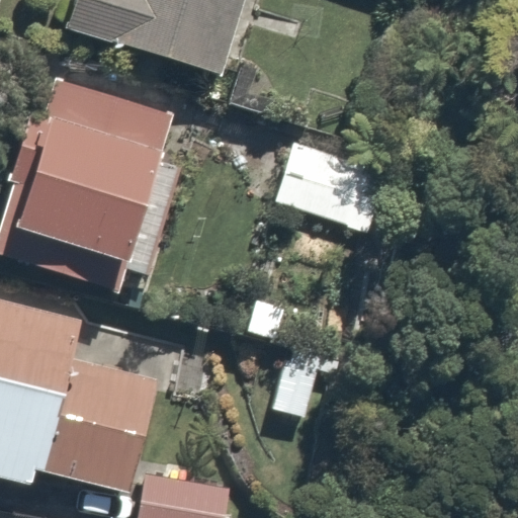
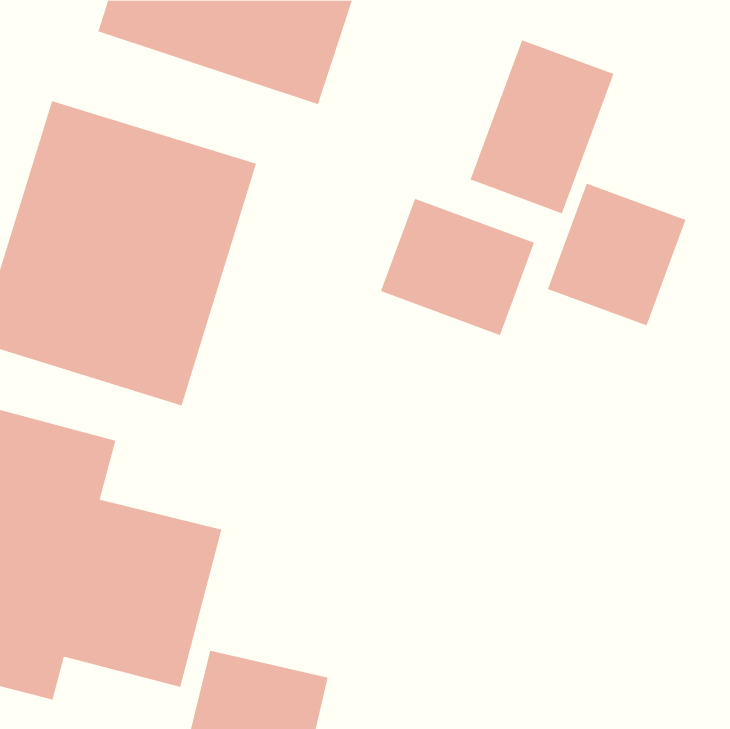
building: none -> [470,39,614,214]
building: none -> [547,183,686,326]

